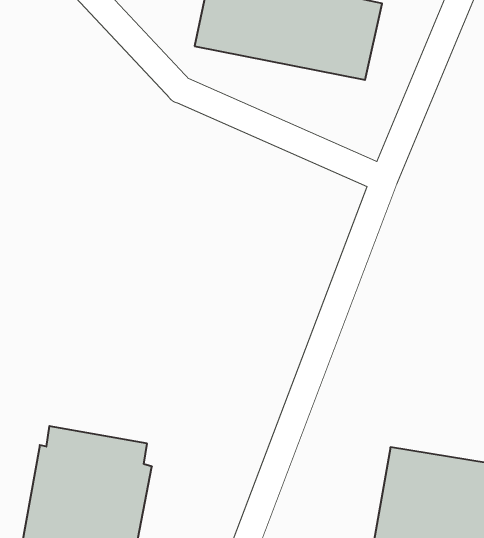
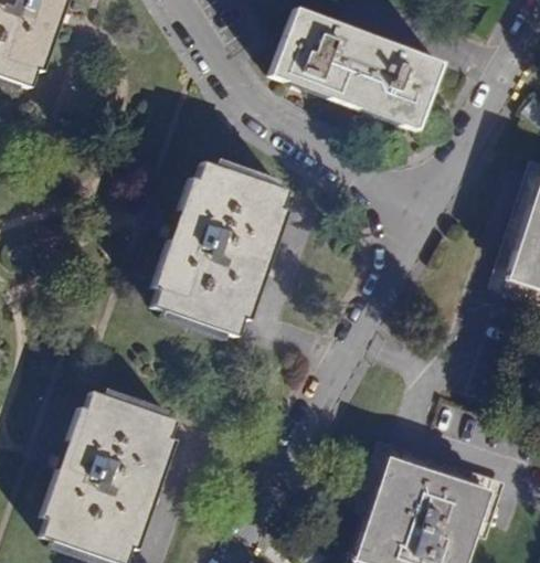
building: none -> [150,161,286,334]

